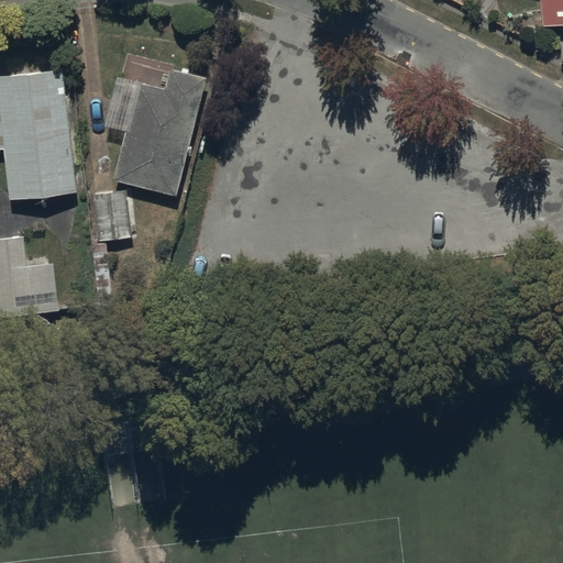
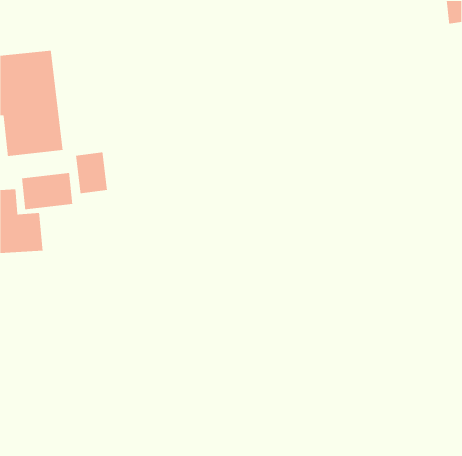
building: [113,69,205,196] -> none
building: none -> [21,172,73,210]

